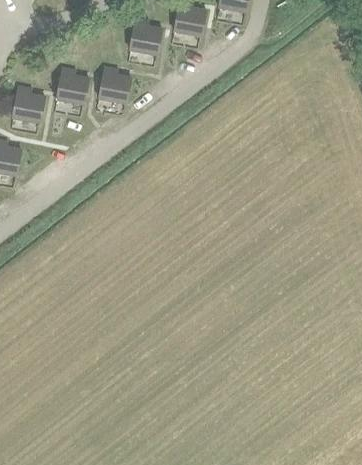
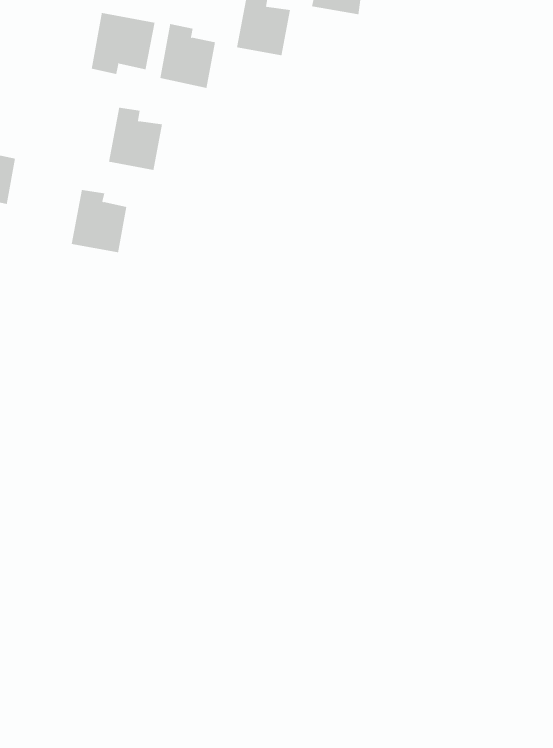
building: none -> [91,12,155,75]
building: [56,67,89,104] -> [71,190,127,253]

